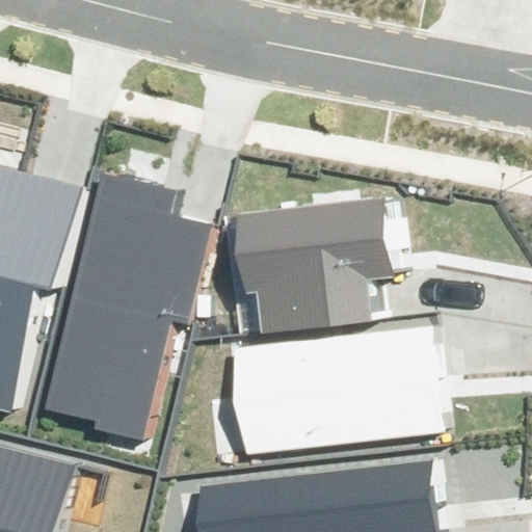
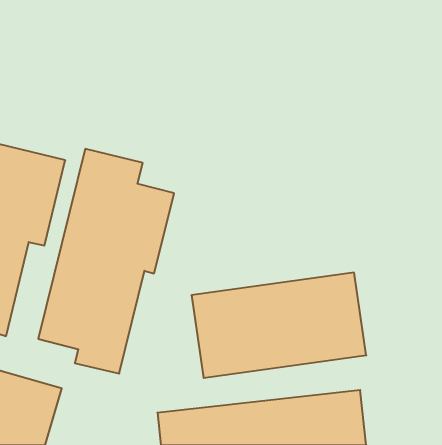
building: [235,200,388,327] -> none

